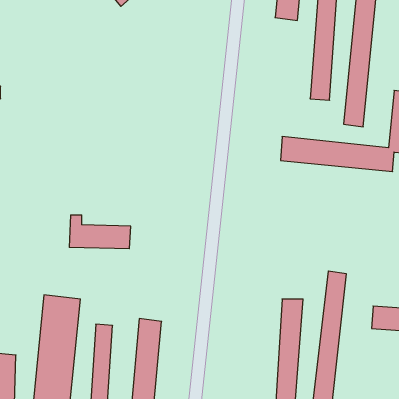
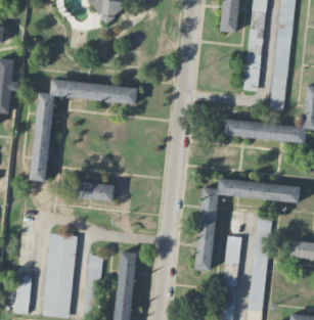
building: none -> [30,79,137,181]
building: none -> [195,179,300,270]

